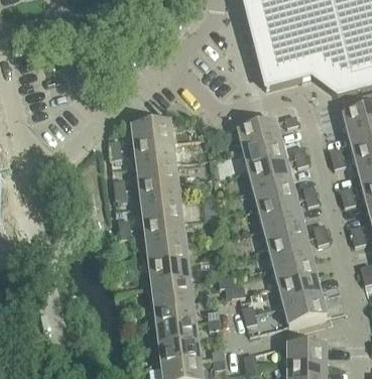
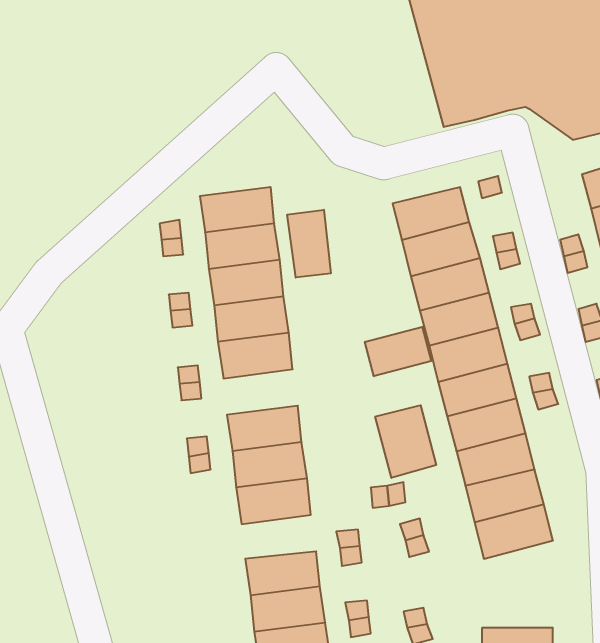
building: none -> [287,210,331,278]
building: none -> [365,327,431,376]
building: [144,218,185,243] -> none
building: none -> [375,405,436,478]
building: [154,298,196,323] -> none
building: [287,341,327,361] -> none

